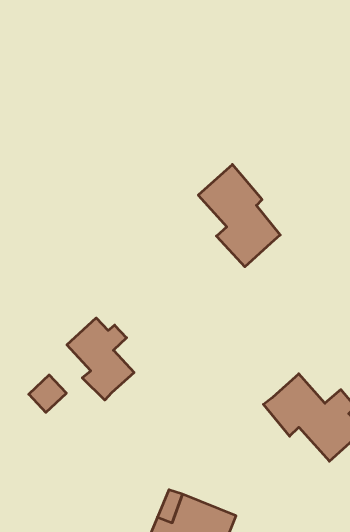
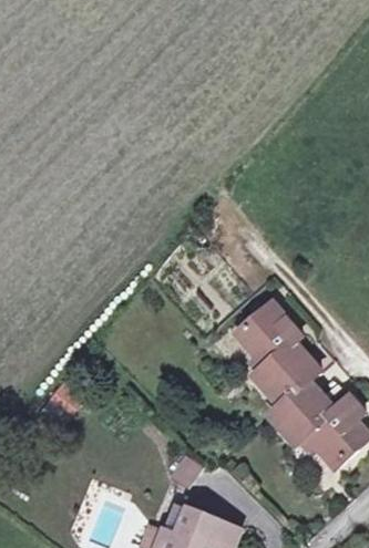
building: [198,164,280,267] -> [234,308,314,407]
building: [67,318,134,400] -> none

